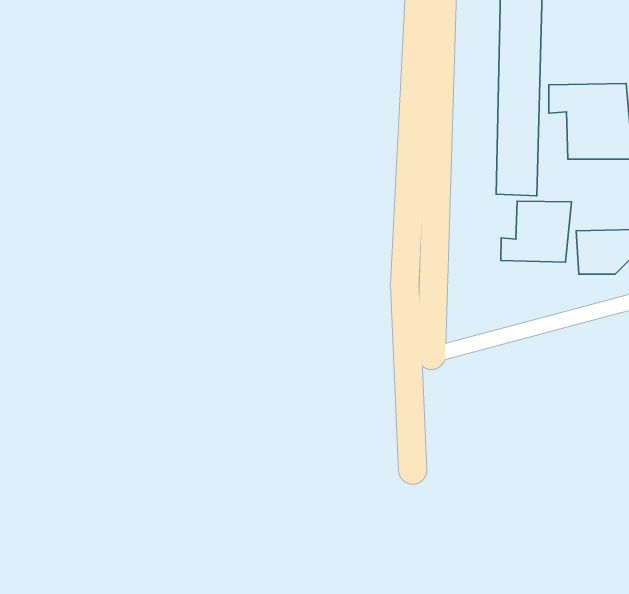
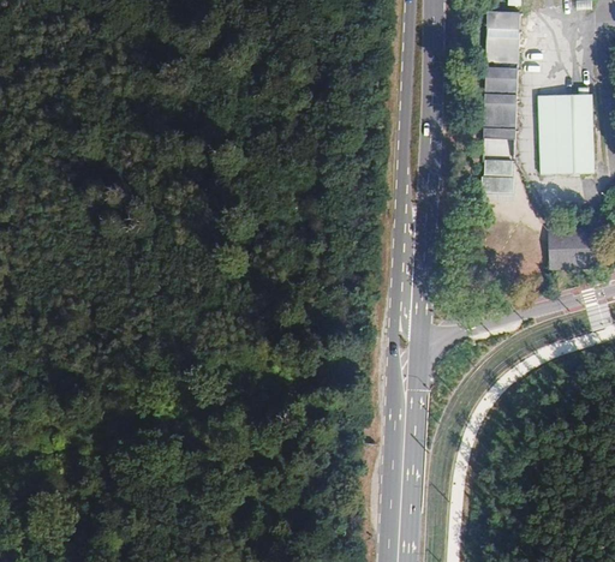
building: [501,201,572,262] -> none

